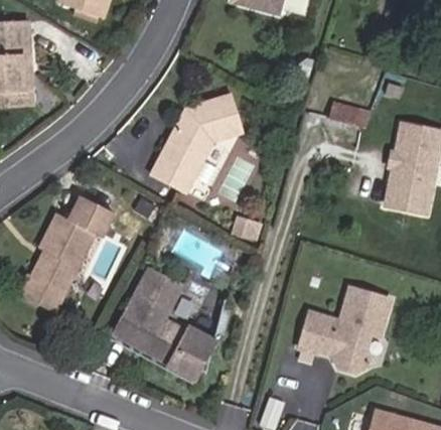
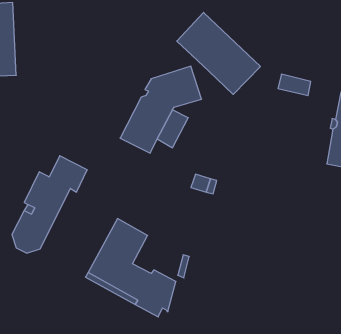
building: none -> [177,12,260,94]
building: [299,288,391,373] -> none

